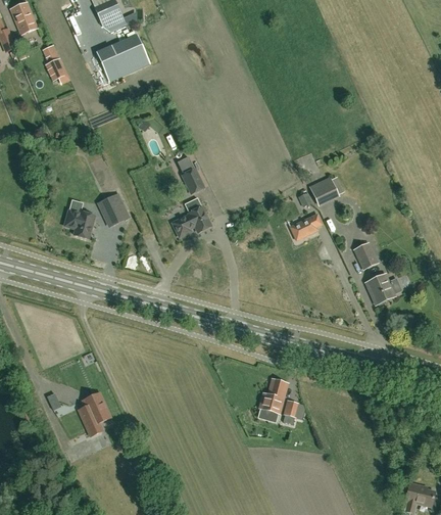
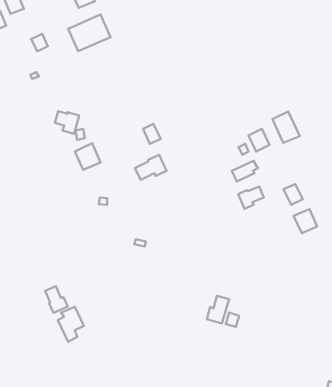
building: none -> [272,112,300,143]
building: [64,210,94,238] -> [55,111,79,134]
building: none -> [238,187,264,209]
building: none -> [45,286,68,313]

